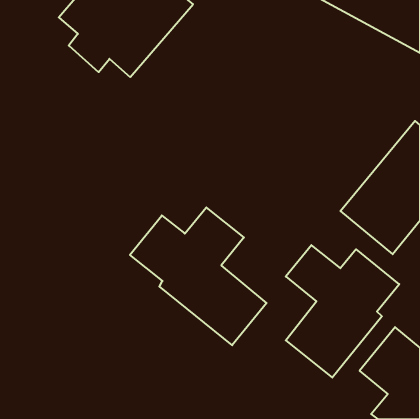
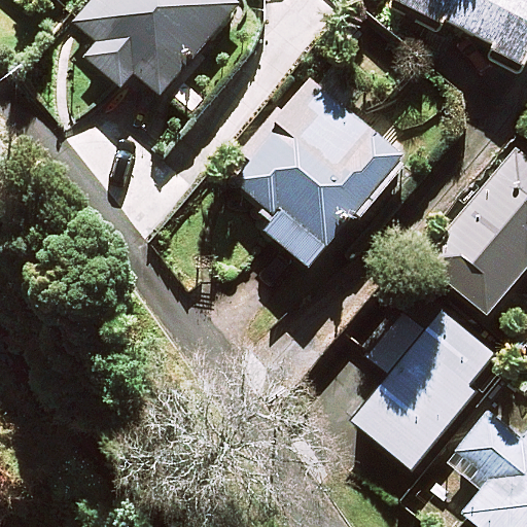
building: none -> [210,69,413,271]
building: [130,207,267,345] -> none

